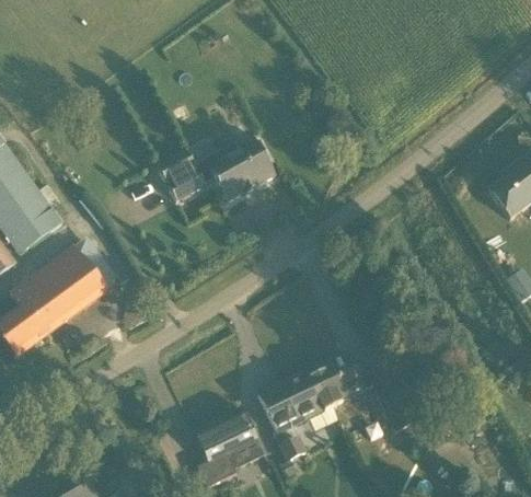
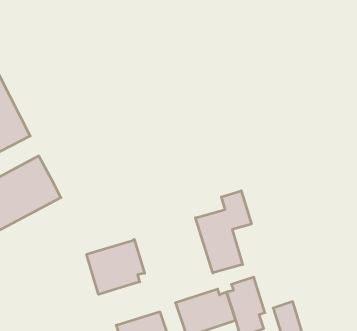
building: [158,139,275,203] -> none
building: none -> [195,191,251,273]
building: none -> [87,239,145,294]

